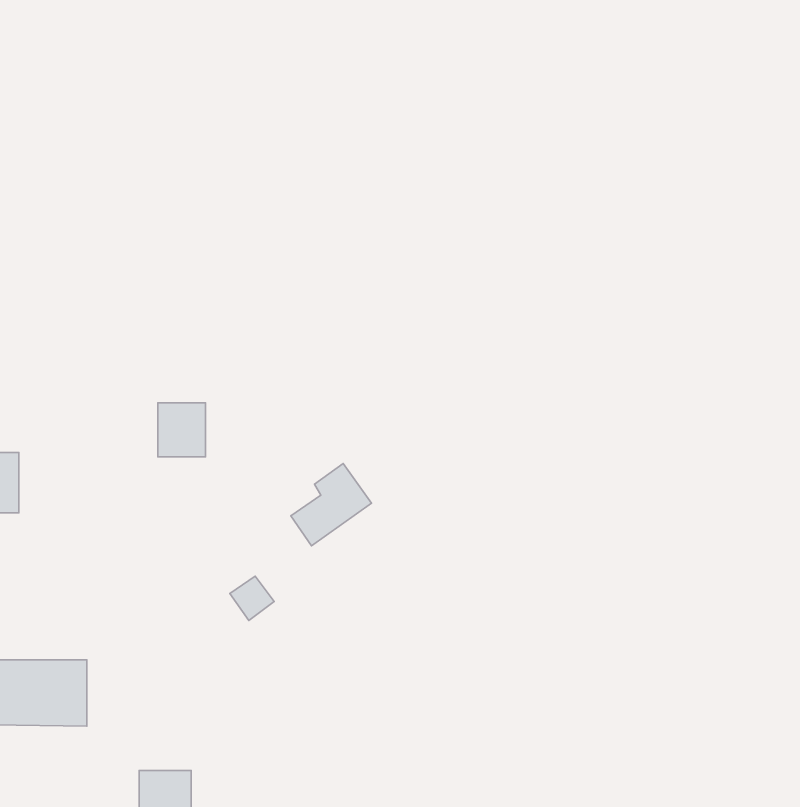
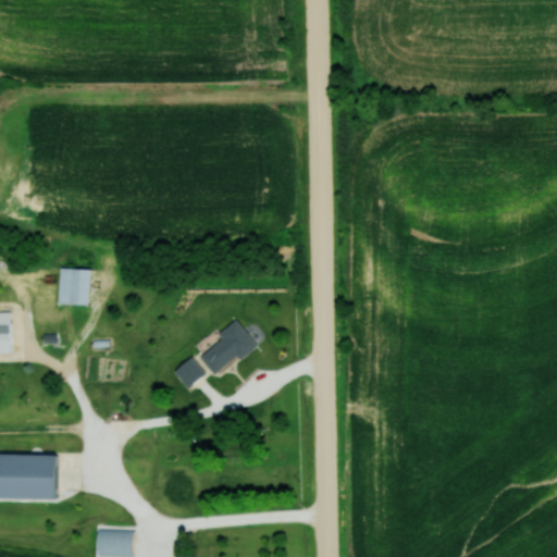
building: [158,403,205,457] -> [58,269,90,306]
building: [230,576,274,620] -> [174,359,205,389]

